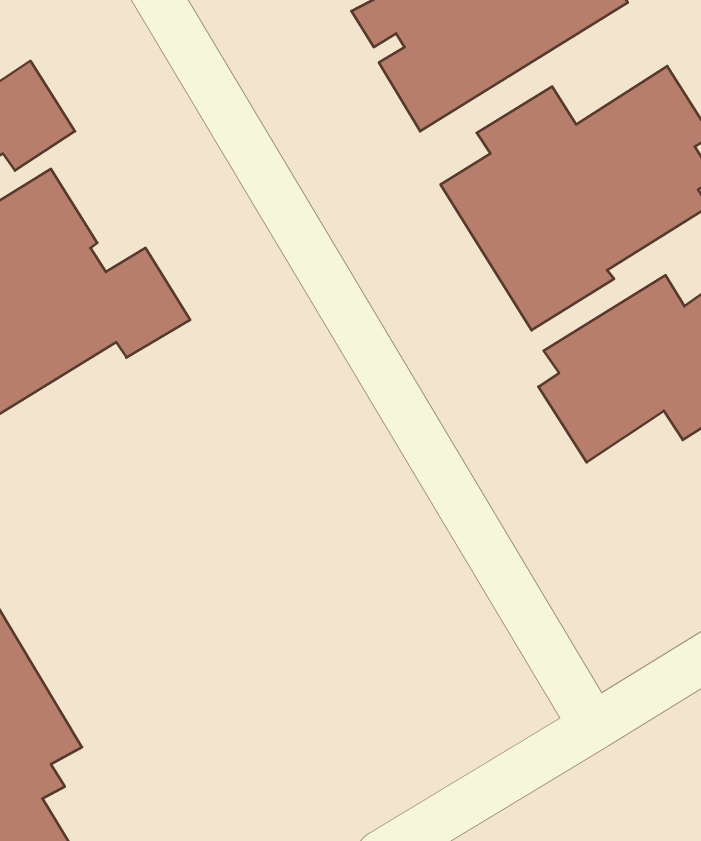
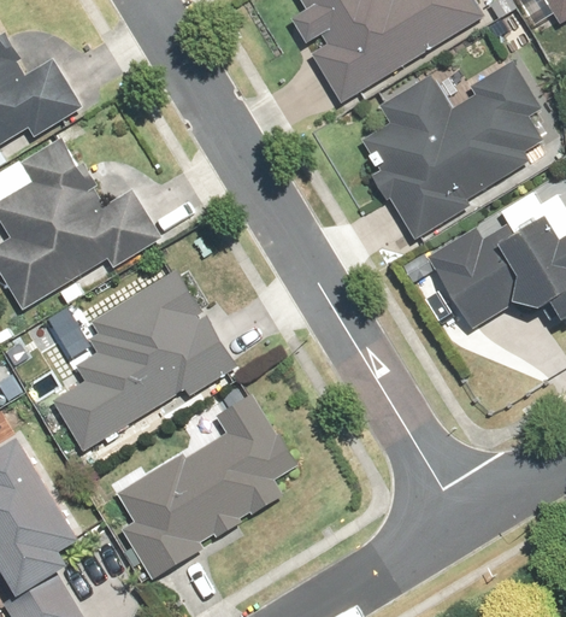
building: none -> [52,269,241,449]
building: none -> [117,393,300,583]

